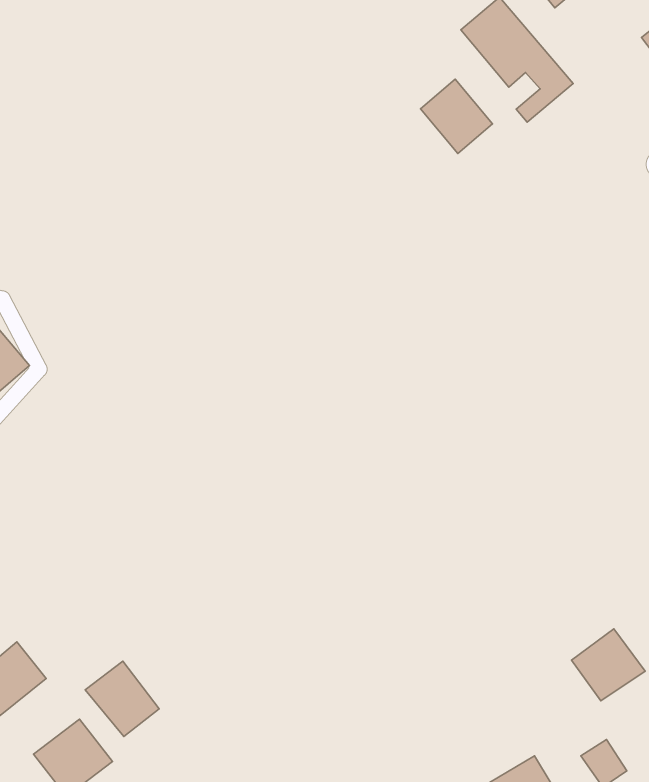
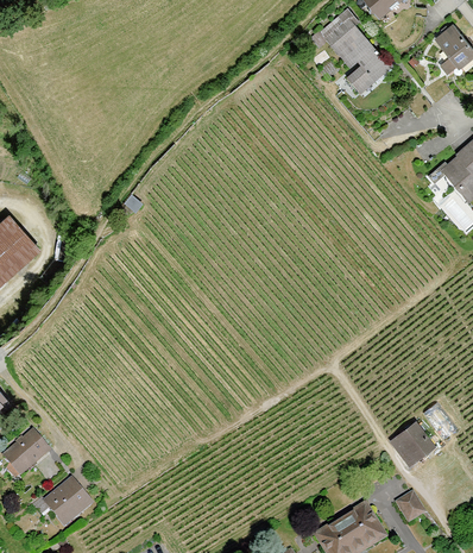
building: [421,79,493,153] -> none
building: [85,661,159,737] -> none

